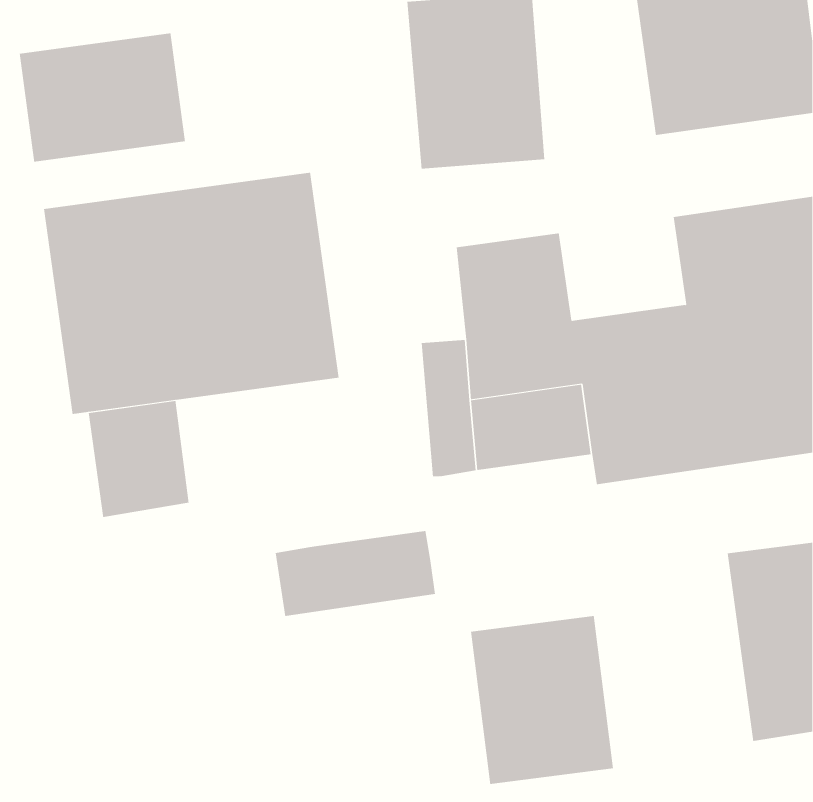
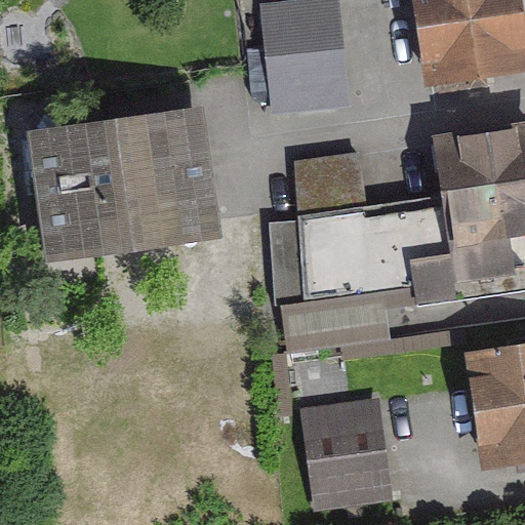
building: [19,32,185,163] -> none
building: [88,400,189,518] -> none
building: [275,530,436,617] -> [283,292,387,348]

